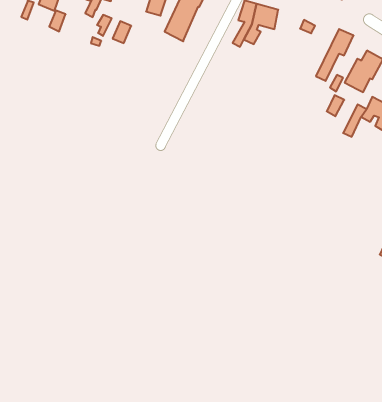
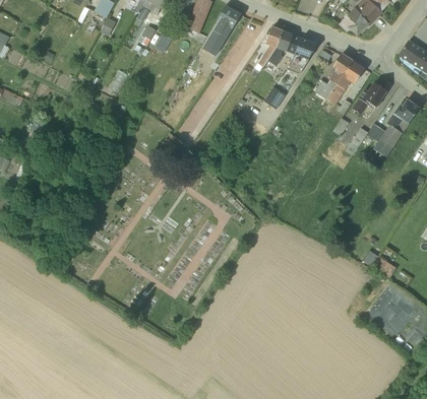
building: none -> [286,38,316,73]
building: none -> [314,53,352,98]

